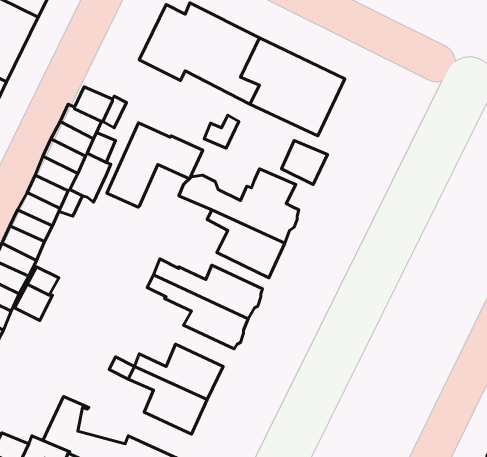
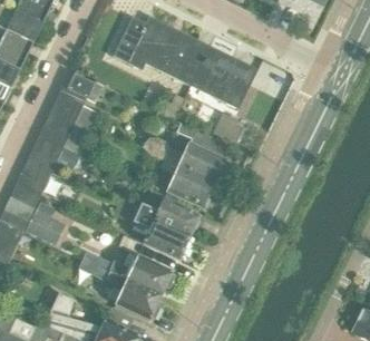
building: [107,123,203,207] -> none

